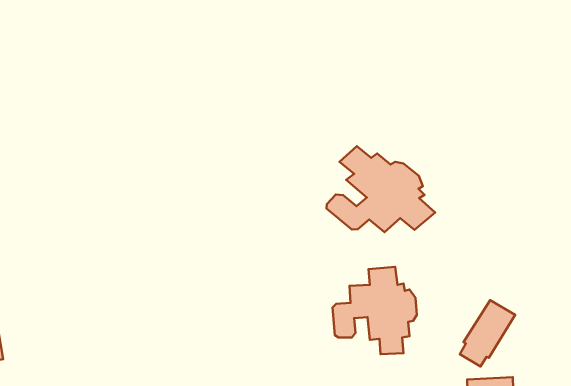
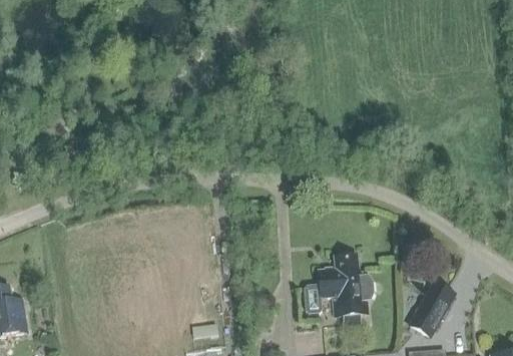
building: [327,146,435,232] -> none

